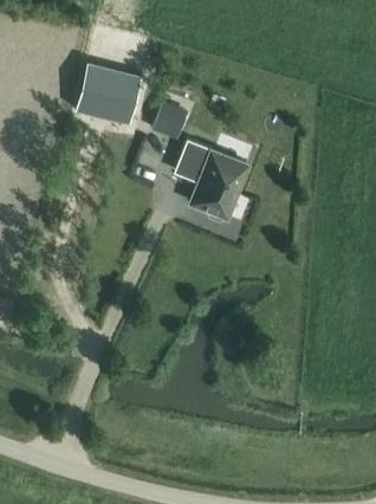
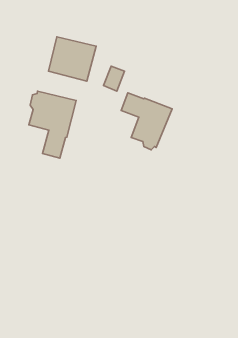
building: none -> [29,91,76,158]

